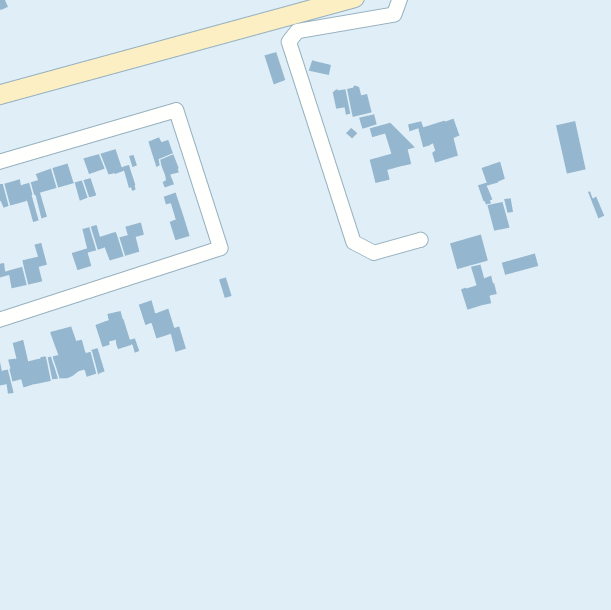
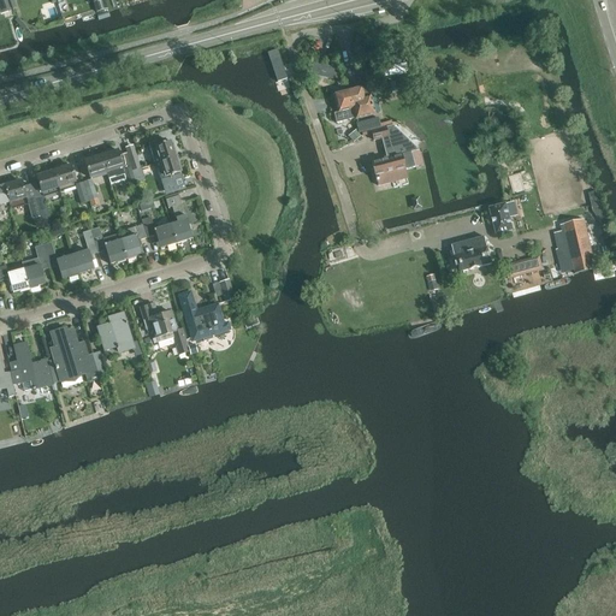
building: [407,118,460,163] -> none
building: [555,120,586,174] -> [563,218,594,272]
building: [477,161,505,205] -> none
building: none -> [141,215,176,247]
building: none -> [42,241,77,278]
building: [461,264,498,311] -> none
building: none -> [177,290,229,340]

